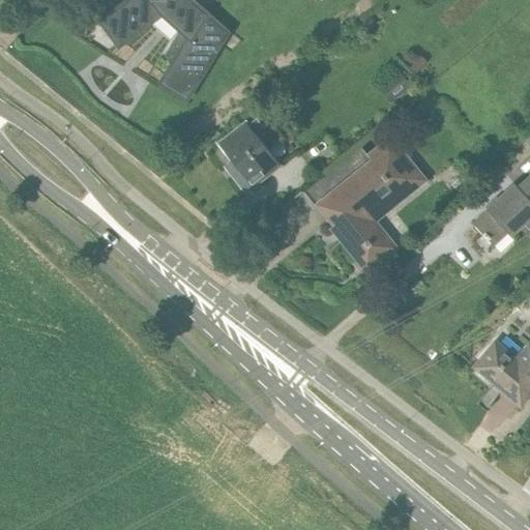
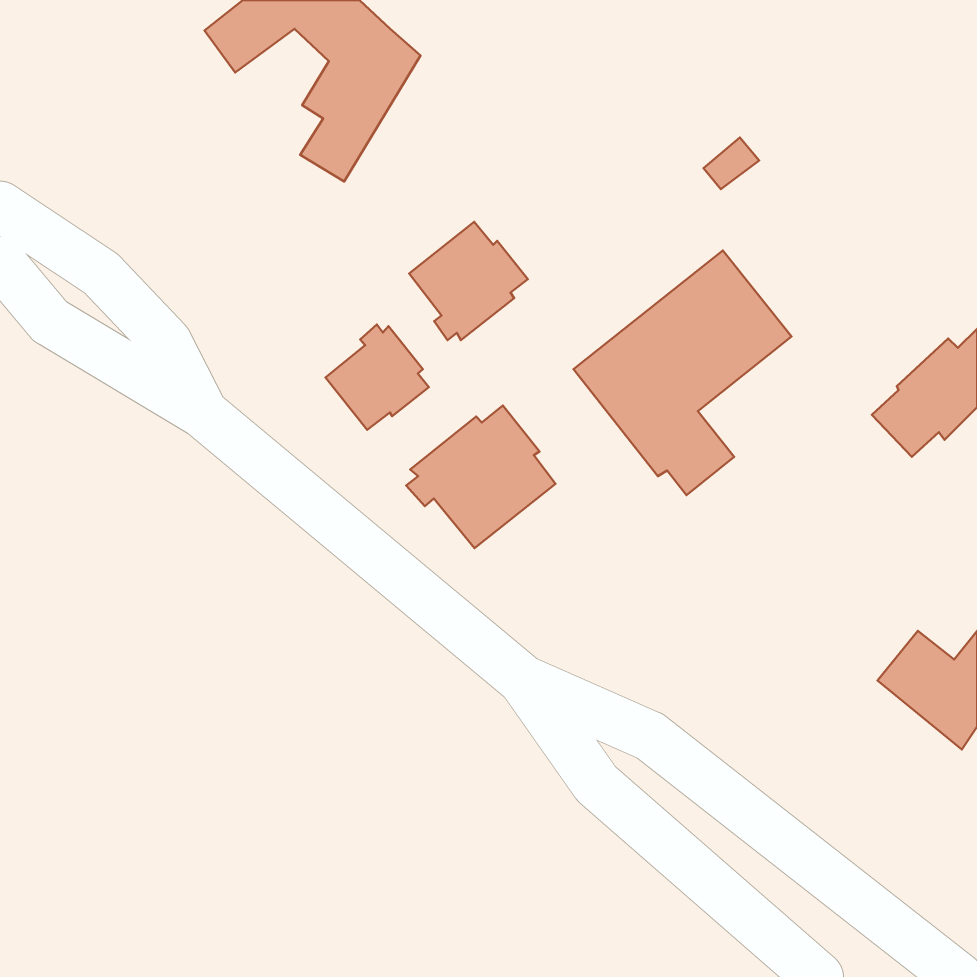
building: none -> [325,325,429,430]
building: none -> [406,405,555,548]

